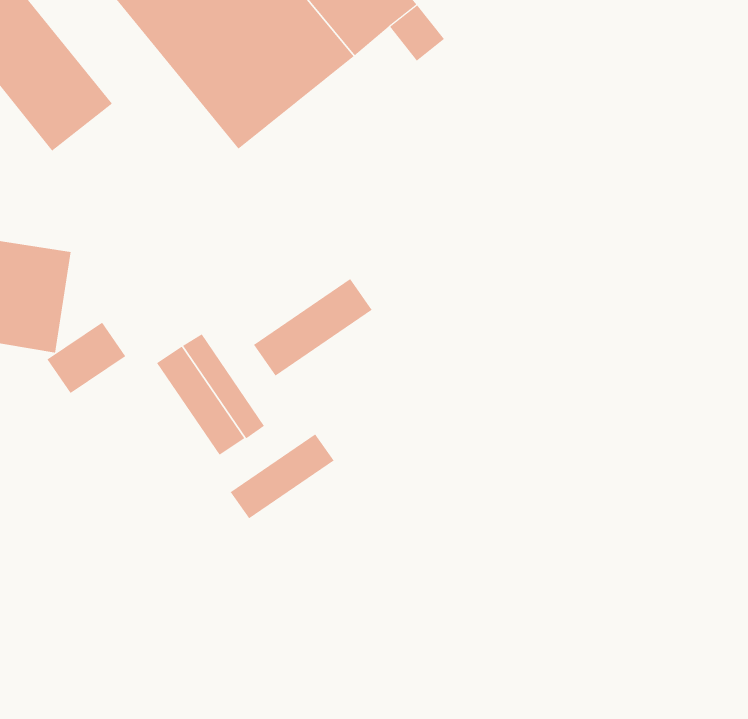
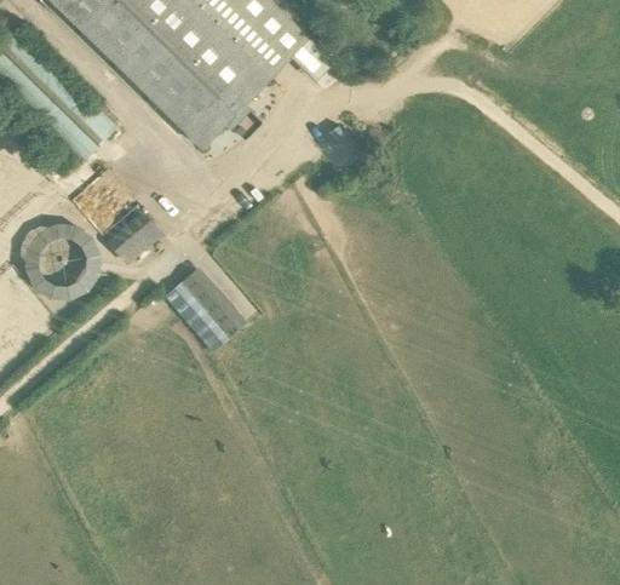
building: [253,278,373,377] -> none
building: [46,322,126,394] -> [107,213,159,263]
building: [230,433,335,519] -> none

